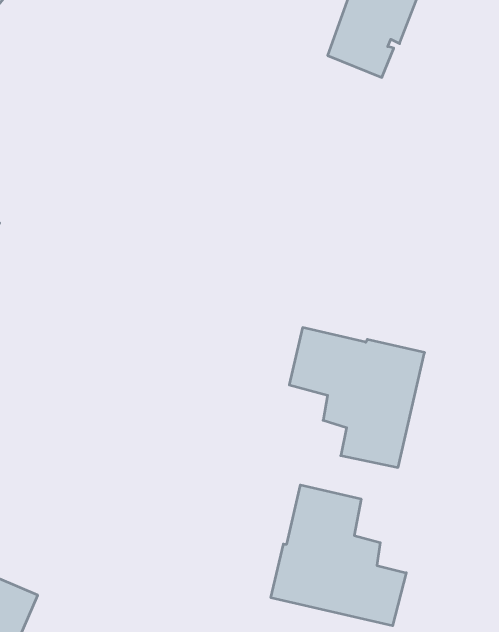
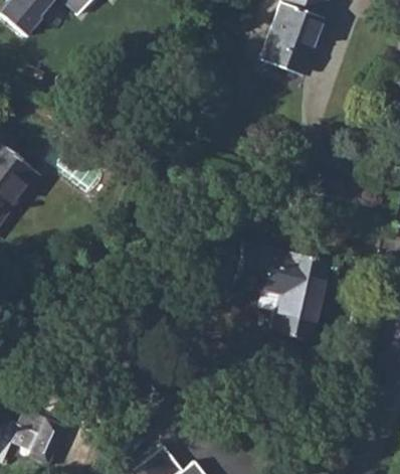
building: [271,485,406,626] -> none

